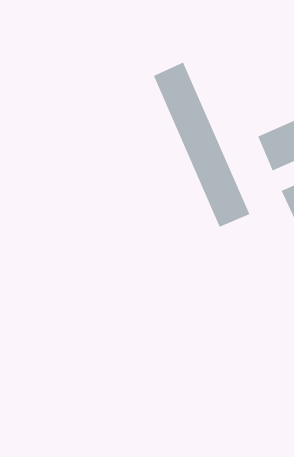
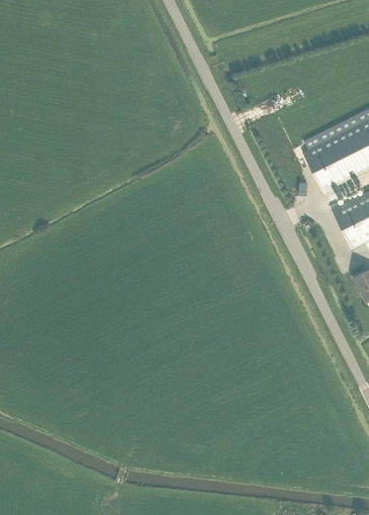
building: [153,62,250,228] -> none

